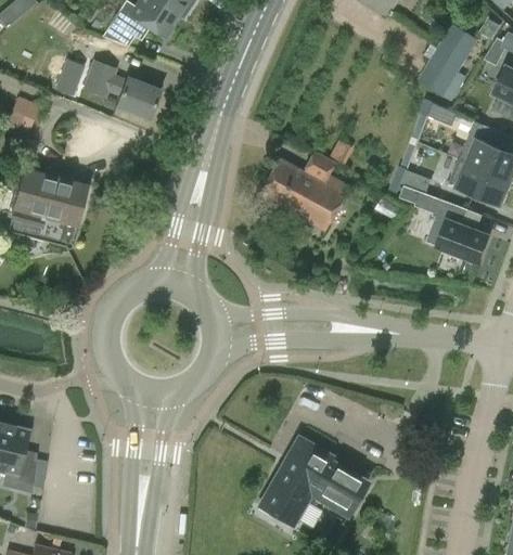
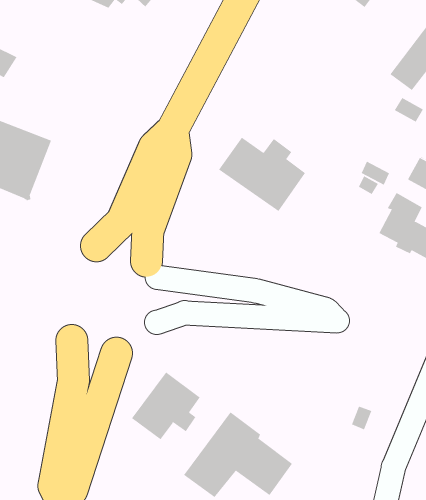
building: [54,59,84,95] -> none
building: [82,62,159,119] -> none
building: none -> [131,371,201,440]

